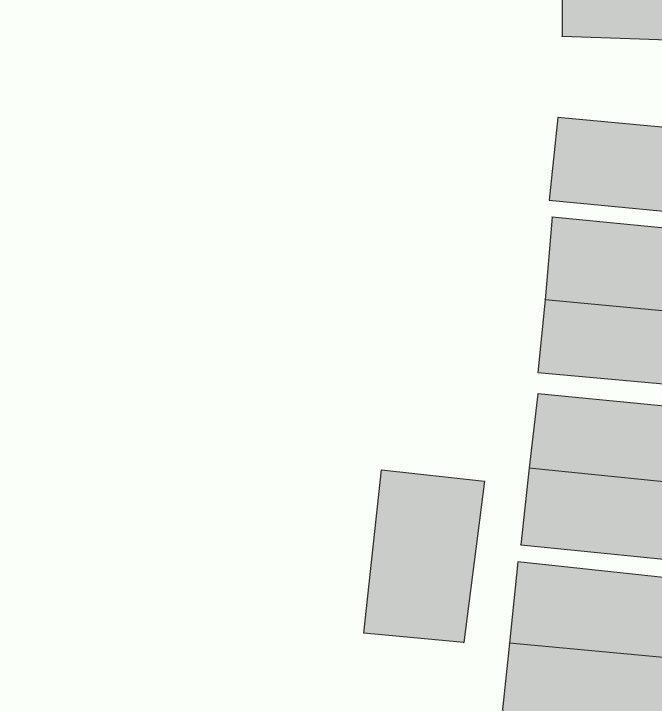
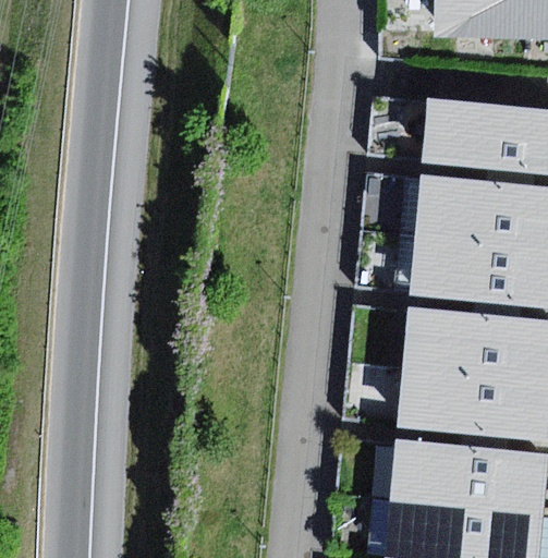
building: [364,470,485,643] -> none

